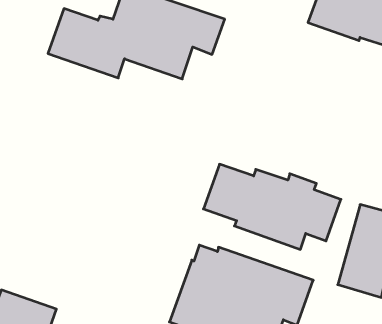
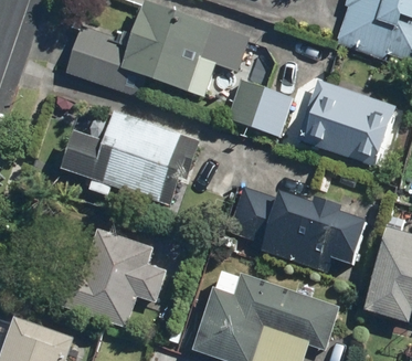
building: none -> [221,75,288,134]
building: none -> [294,78,392,168]
building: none -> [61,109,199,204]
building: none -> [55,229,163,327]

